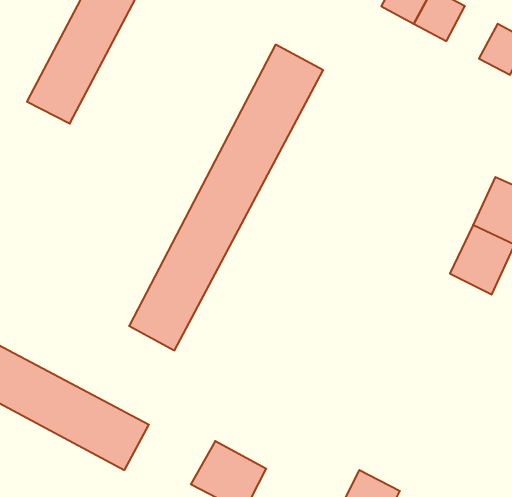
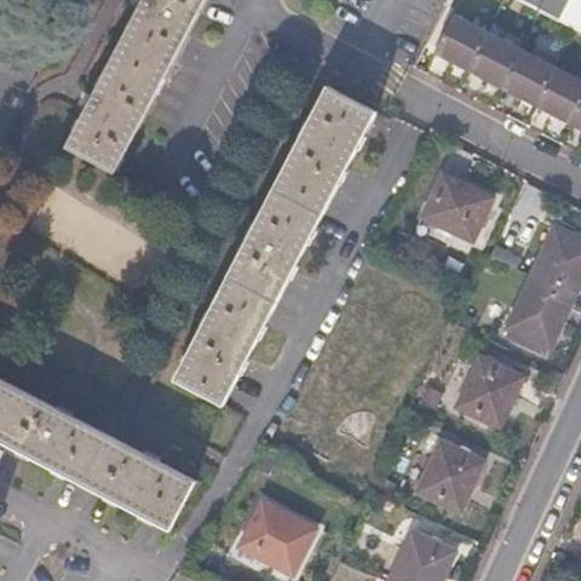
building: none -> [502,47,556,102]
building: none -> [420,171,491,238]
building: none -> [455,356,523,427]
building: none -> [415,439,484,513]

